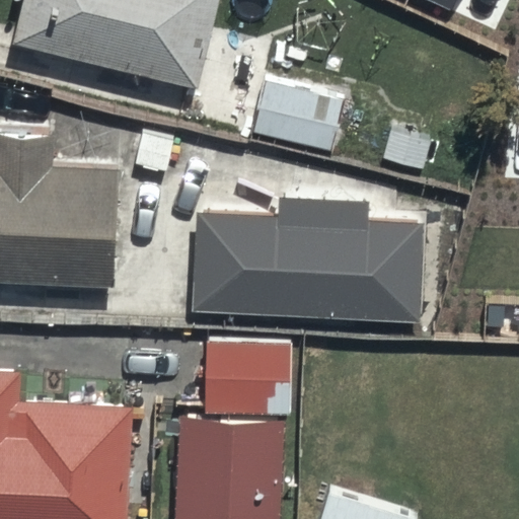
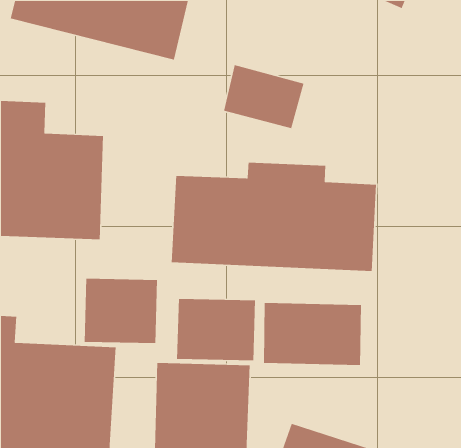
building: none -> [84,278,158,344]
building: none -> [263,302,362,366]

